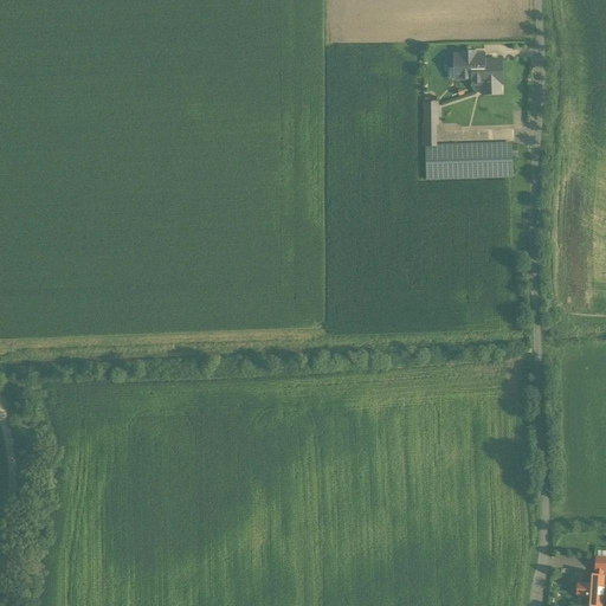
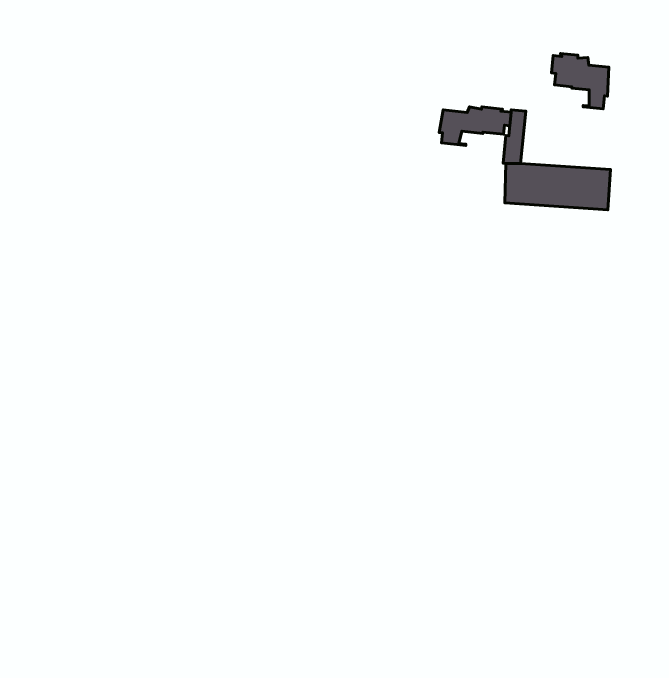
building: none -> [439,107,511,145]

